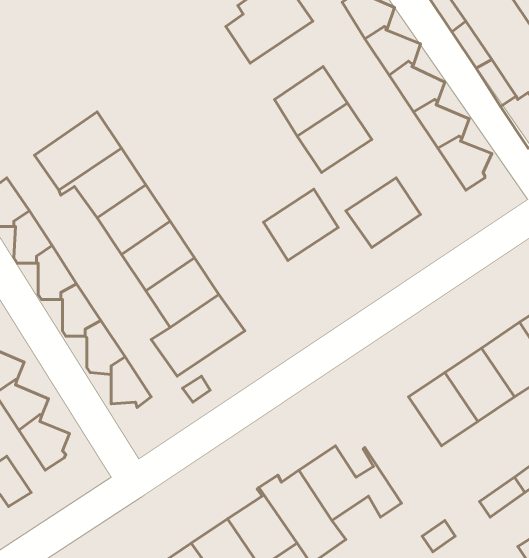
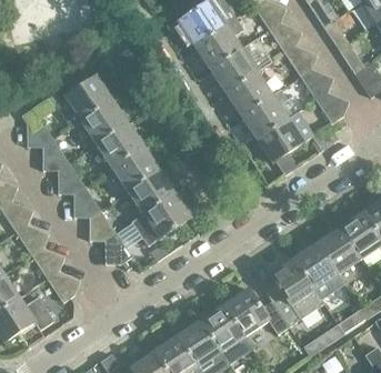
building: none -> [193,17,240,67]
building: [264,189,338,260] -> [239,92,287,138]
building: none -> [267,256,324,324]

